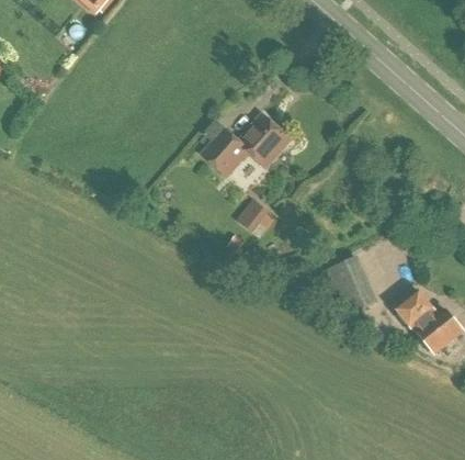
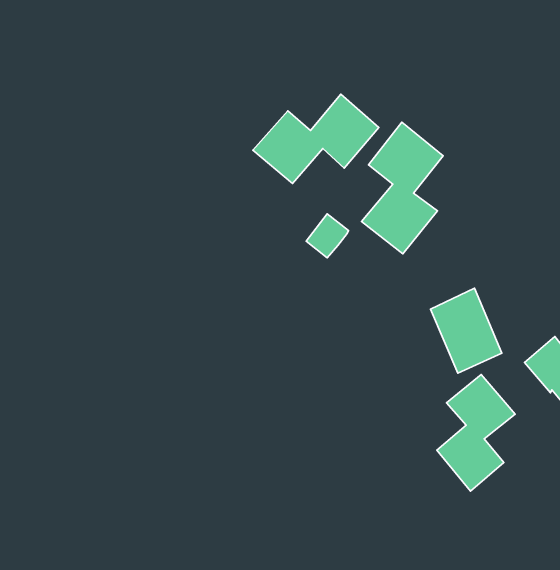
building: none -> [362,122,443,254]
building: none -> [437,374,515,491]

